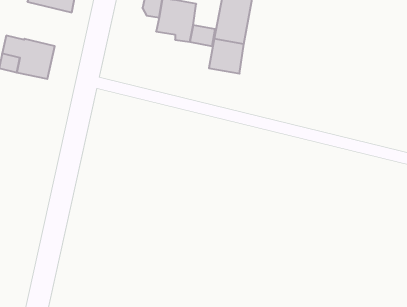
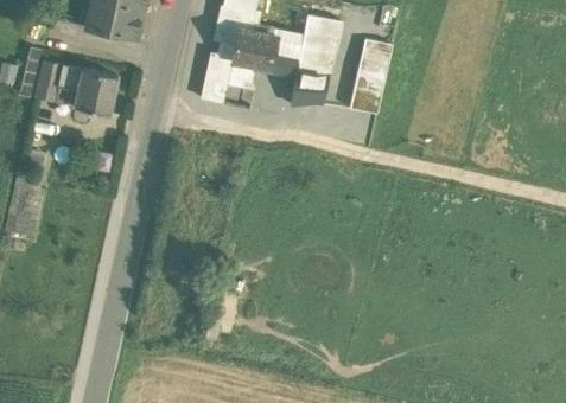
building: none -> [349,39,393,116]
building: none -> [201,40,234,100]

